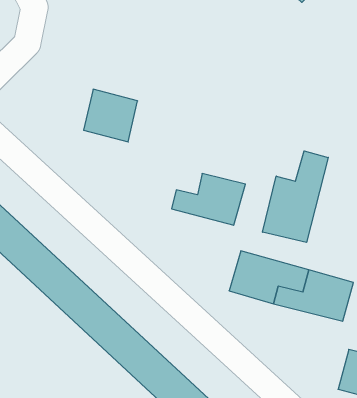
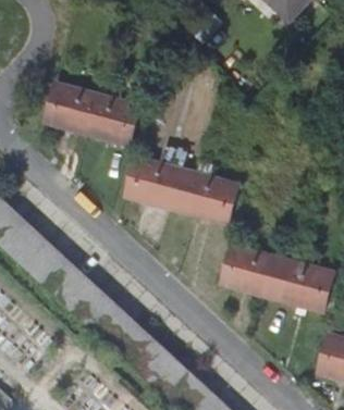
building: none -> [42,85,95,134]
building: [263,151,328,242] -> none
building: none -> [127,159,196,207]

